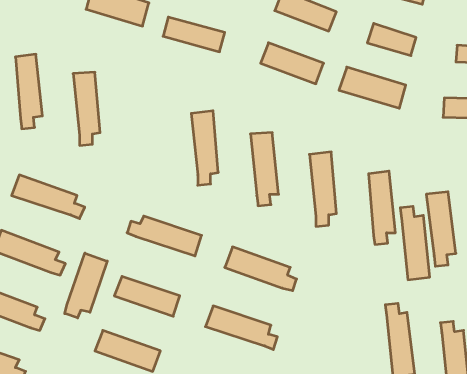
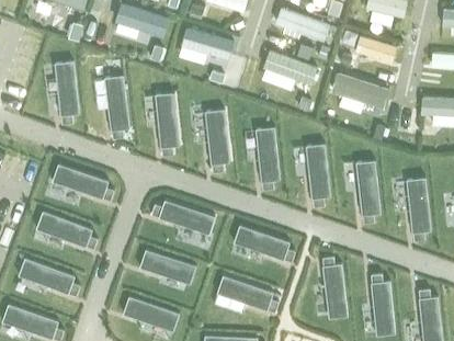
building: none -> [155,92,179,156]
building: [400,206,430,280] -> [321,257,347,319]
building: [65,253,107,318] -> none

